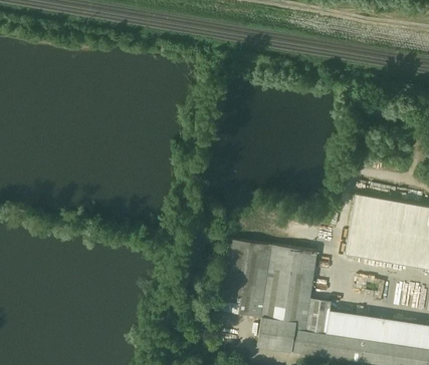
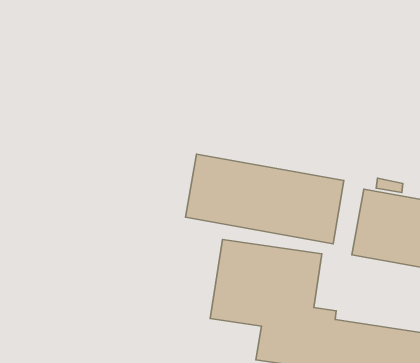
building: none -> [186,154,344,244]

